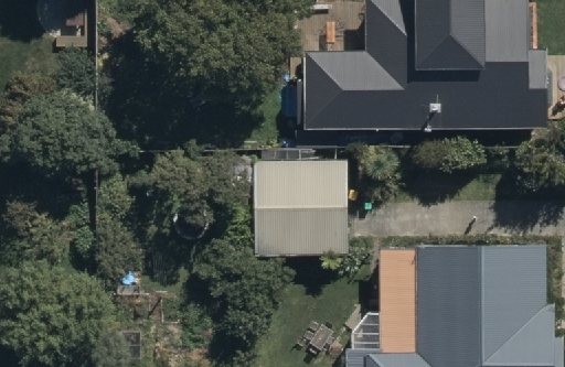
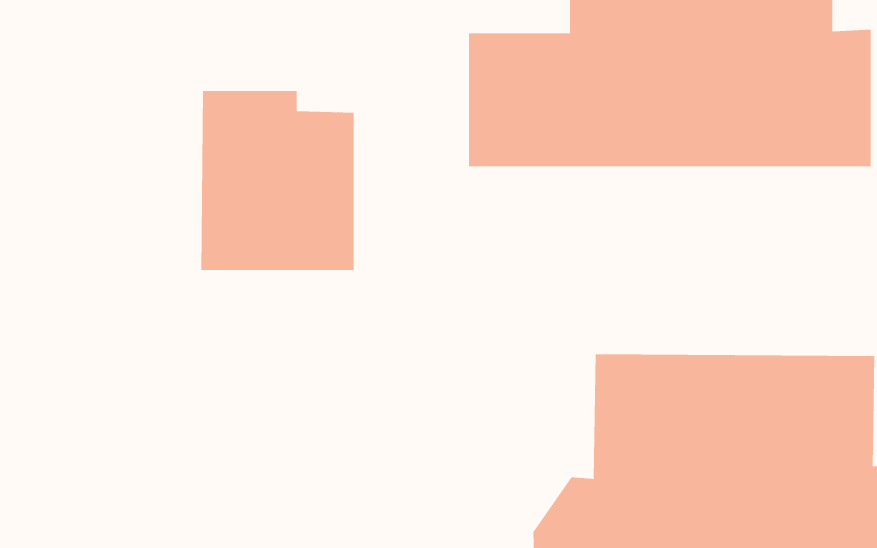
building: [256,150,349,258] -> [200,91,354,270]

